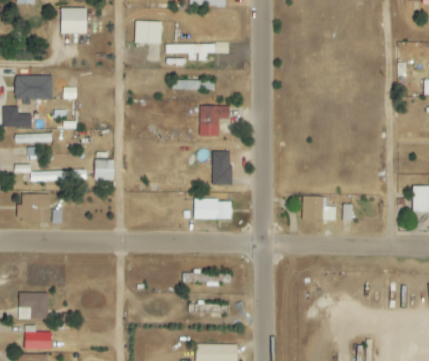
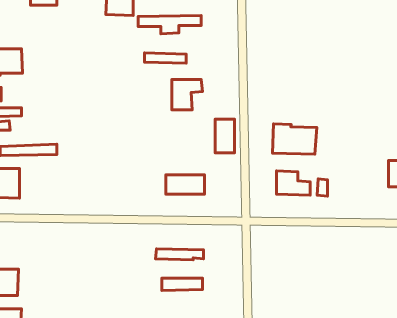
building: none -> [273,124,317,154]
building: [212,152,231,185] -> [215,119,234,153]
building: [94,160,113,180] -> none

